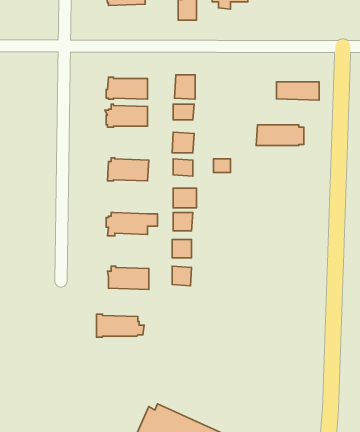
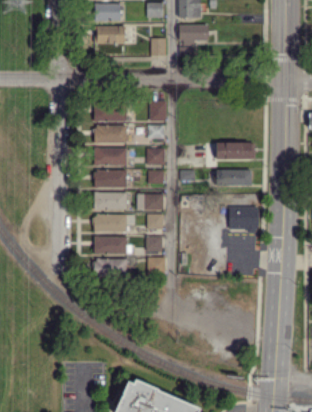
building: [277,82,319,100] -> [217,171,252,186]
building: none -> [95,147,127,166]
building: none -> [94,192,128,211]
building: none -> [228,207,258,233]
building: [96,314,144,337] -> [94,236,133,255]

